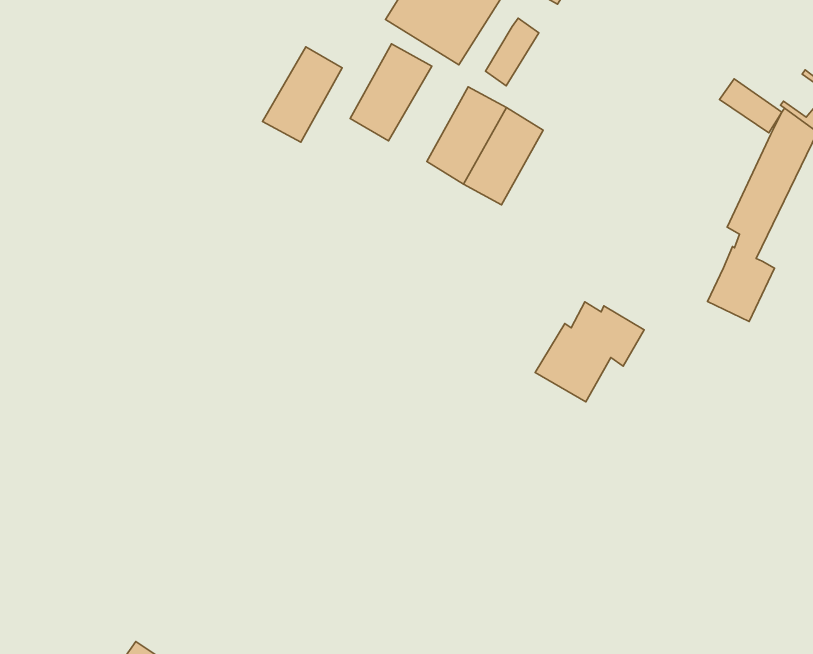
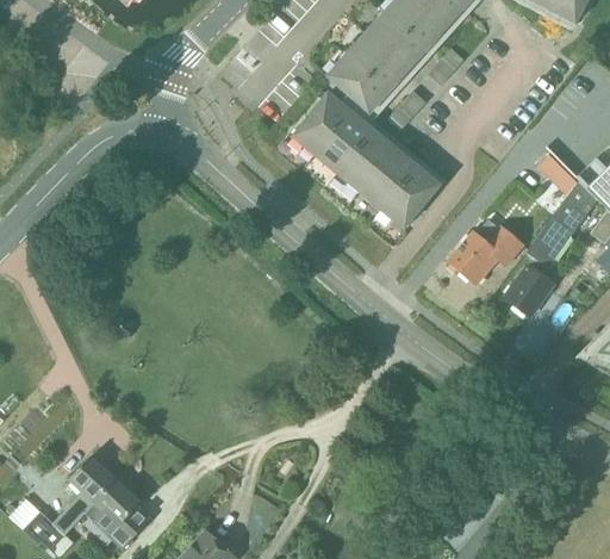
building: [263,47,342,142] -> [315,112,373,174]
building: none -> [381,167,440,230]
building: [535,302,644,402] -> [448,219,524,285]

